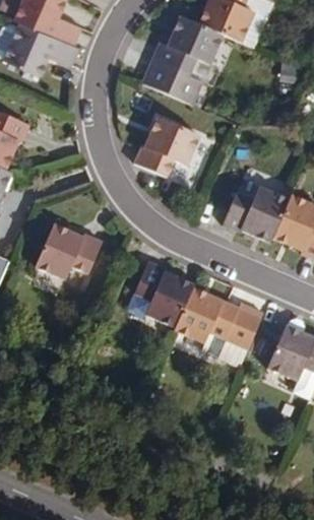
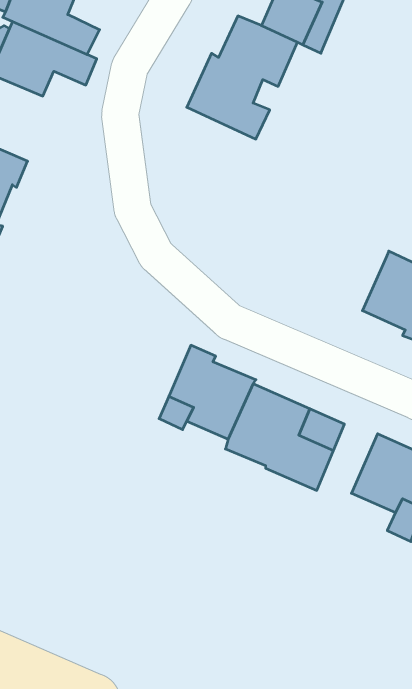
building: [131,108,201,170] -> none
building: [221,182,291,238] -> none
building: [34,226,103,283] -> none

